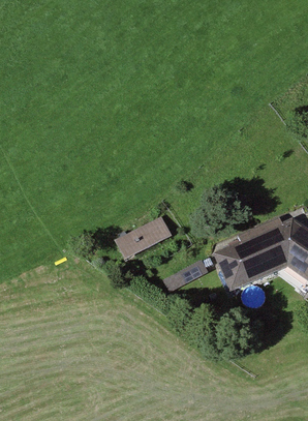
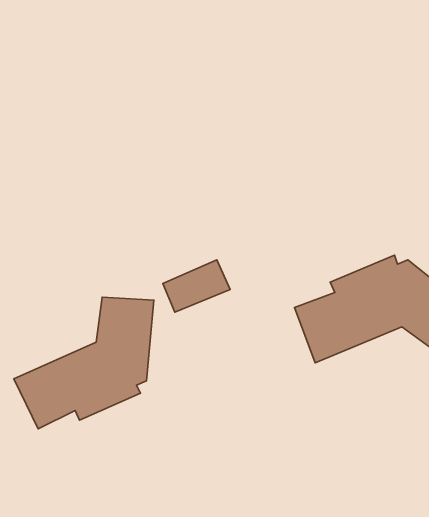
building: none -> [14,297,154,429]

